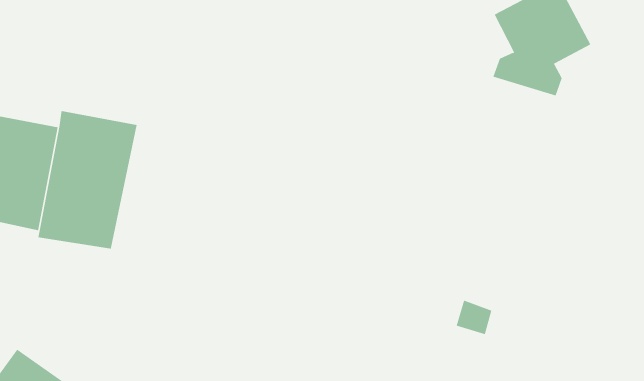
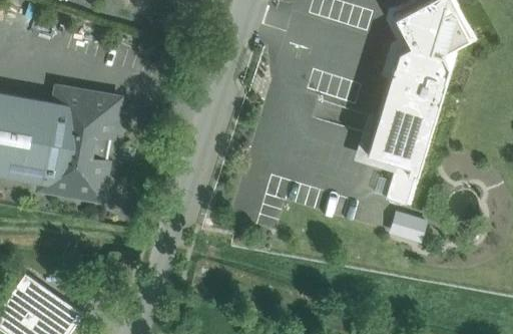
building: none -> [367,64,444,205]
building: [456,300,492,335] -> [398,215,426,242]

